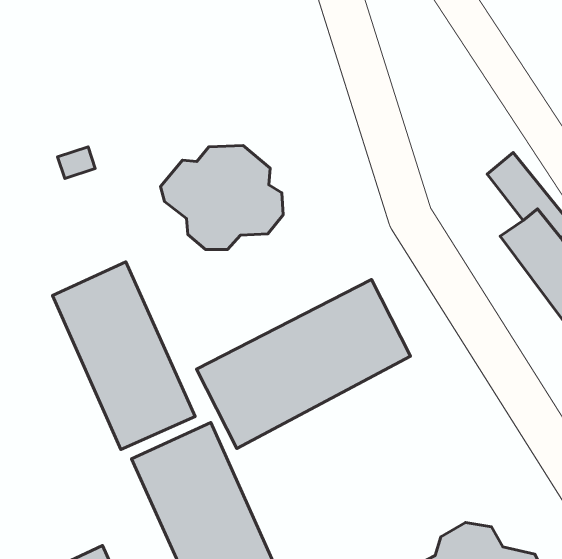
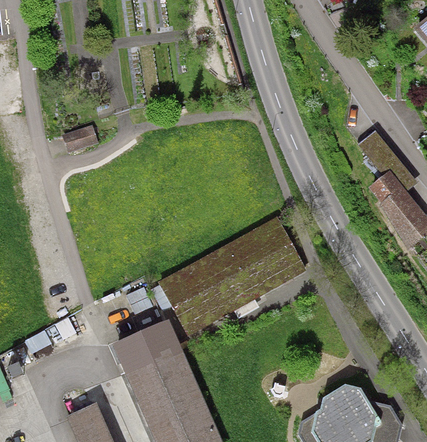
building: [161,145,283,250] -> none
building: [52,262,195,449] -> none

